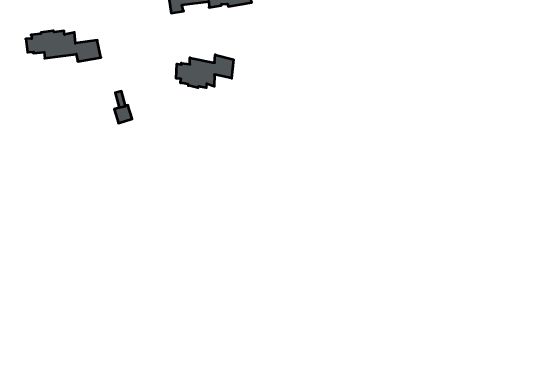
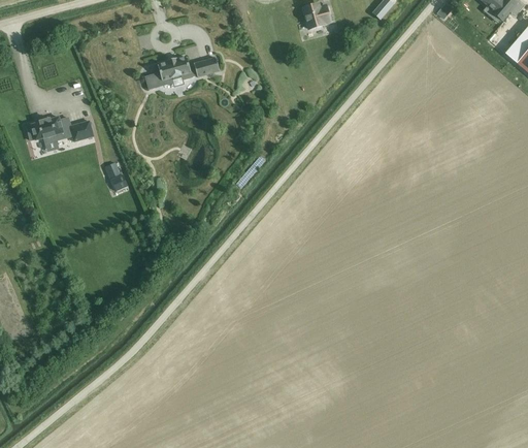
building: [176,55,233,88] -> none

